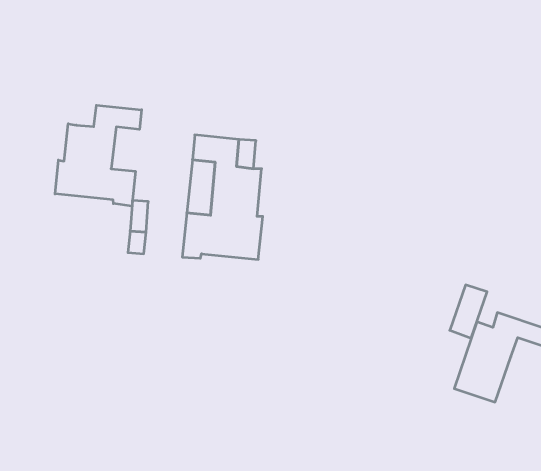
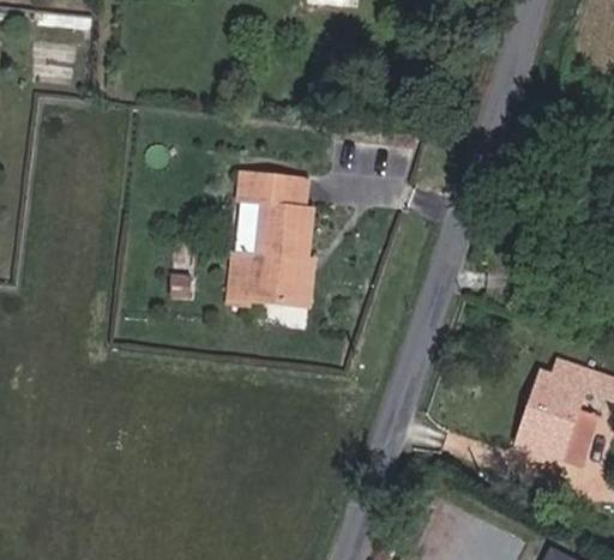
building: [55,105,142,206] -> none
building: [450,285,487,338] -> [560,409,600,465]

